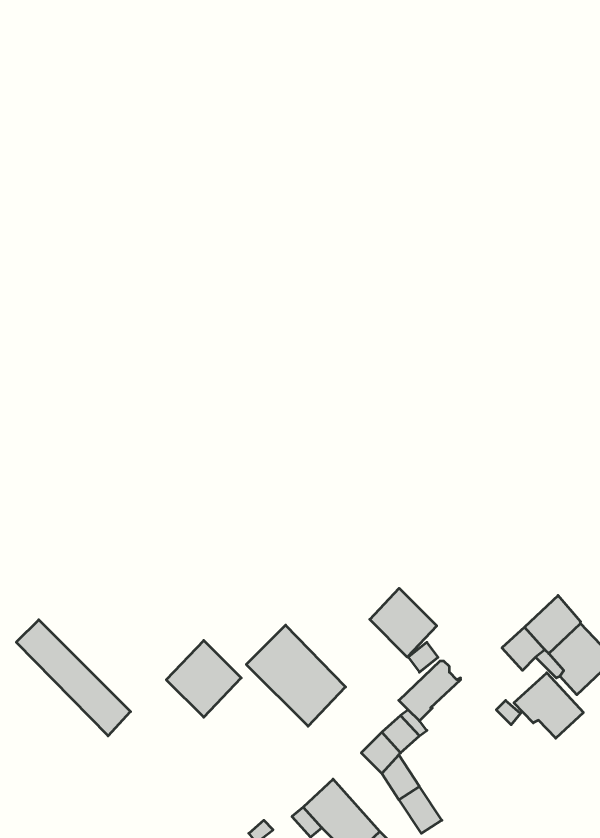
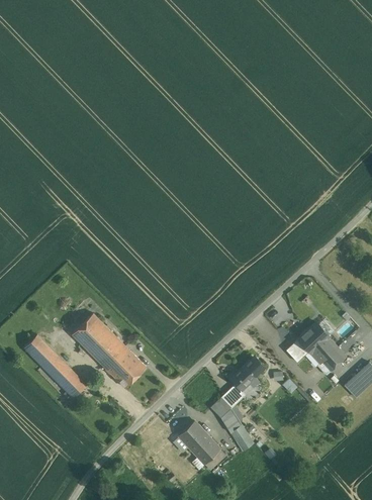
building: [370,588,437,657] -> none
building: [246,625,346,726] -> [72,313,125,368]
building: [514,673,583,738] -> none

